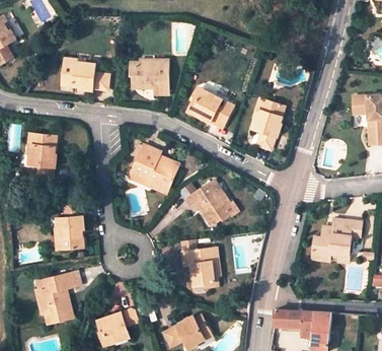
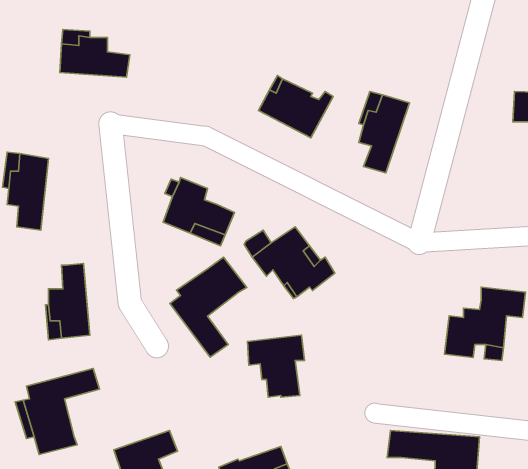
building: [132,54,170,91] -> none
building: none -> [170,257,247,357]

